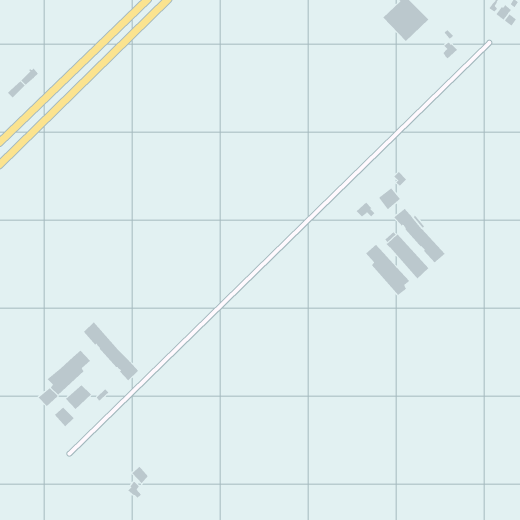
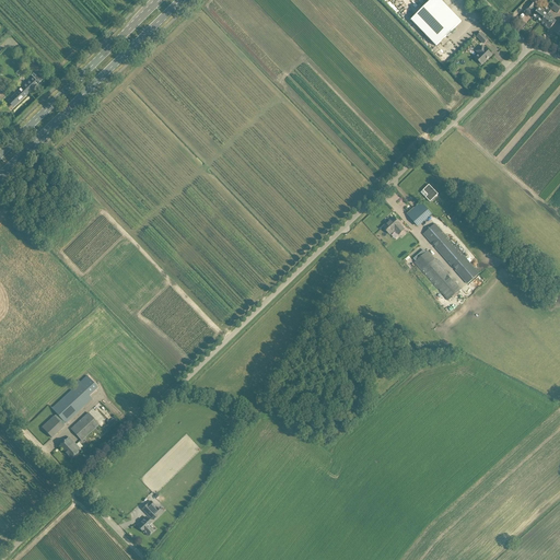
building: [365,244,410,296] -> none
building: [83,321,139,381] -> none

